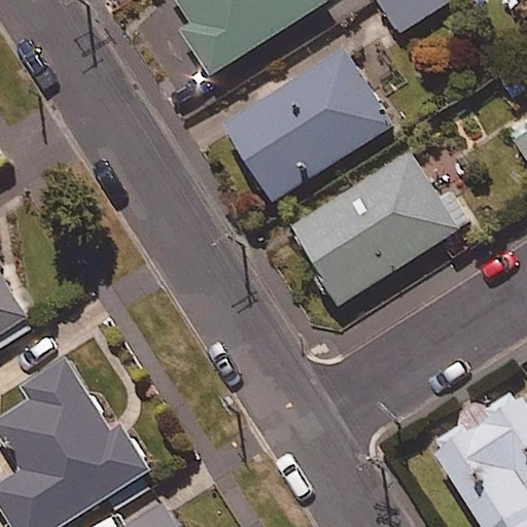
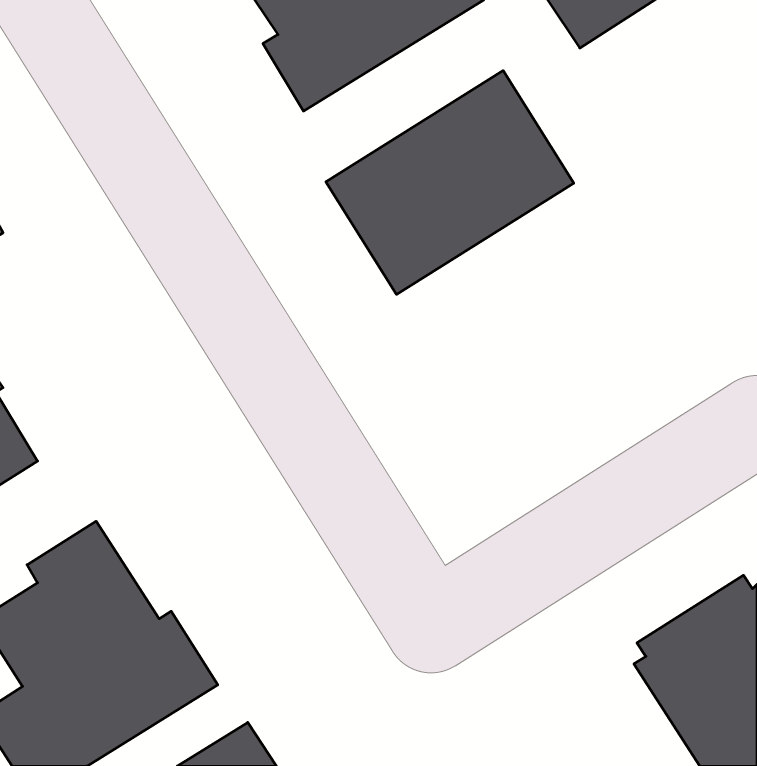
building: [290,151,470,304] -> none

